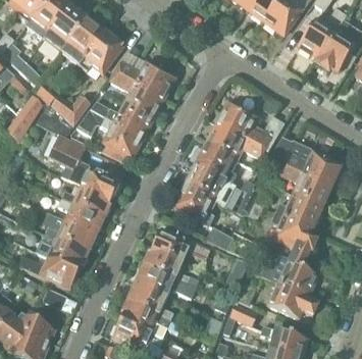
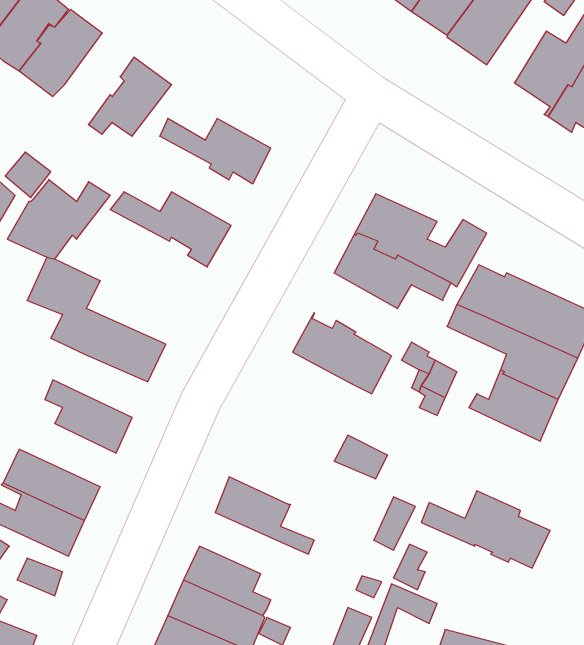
building: [61,18,103,65] -> none
building: [109,71,164,117] -> none
building: [76,109,141,156] -> none
building: [195,142,239,183] -> none
building: [173,183,215,224] -> none
building: [61,184,110,216] -> none
building: [271,211,316,264] -> none
building: [44,219,94,252] -> none
building: [152,227,210,261] -> none
building: [137,265,196,298] -> none
building: [268,281,319,318] -> none

